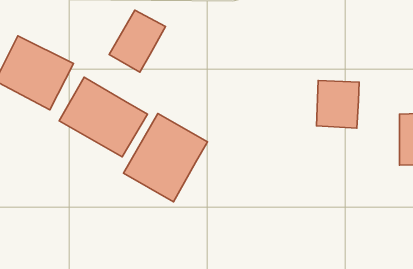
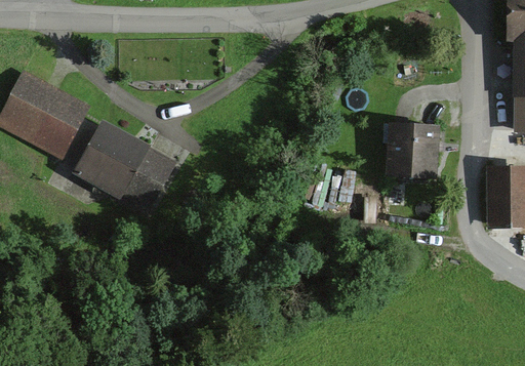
building: [109,10,165,72] -> none
building: [123,114,207,202] -> none

